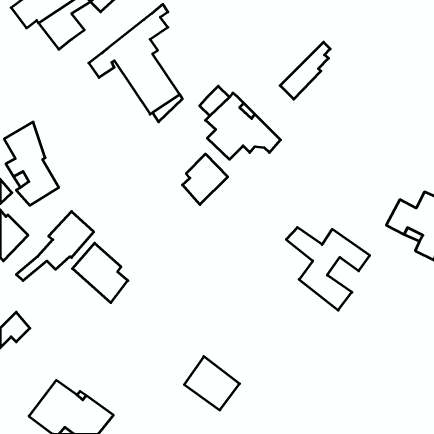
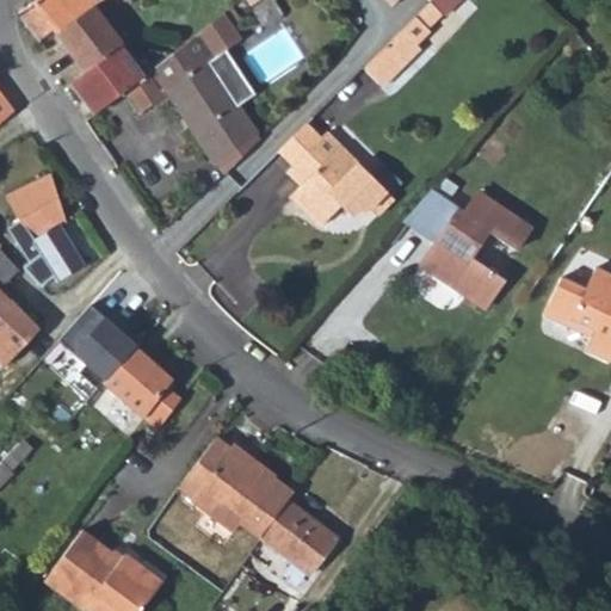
building: none -> [69,42,146,112]
building: [280,42,330,99] -> [364,5,434,85]
building: [182,154,228,205] -> none
building: [286,227,370,310] -> [415,191,532,307]
building: none -> [177,436,294,538]

